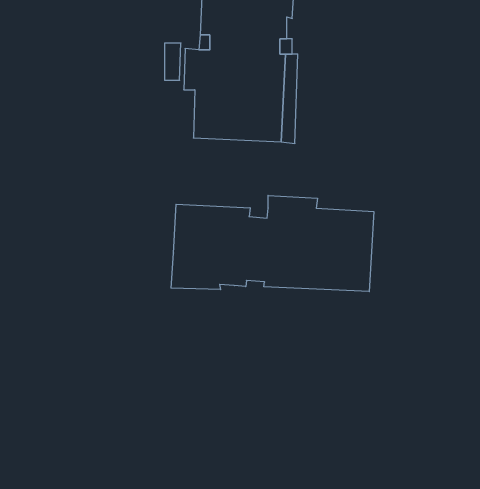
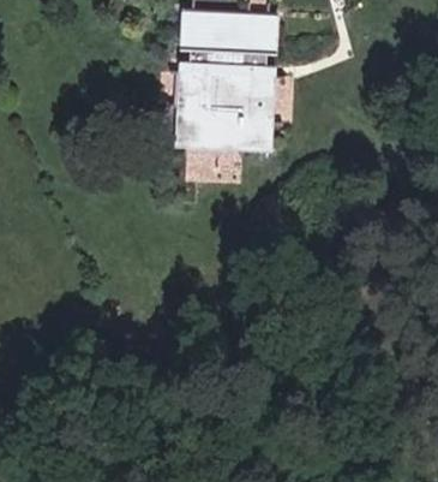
building: [171,195,374,292] -> none

